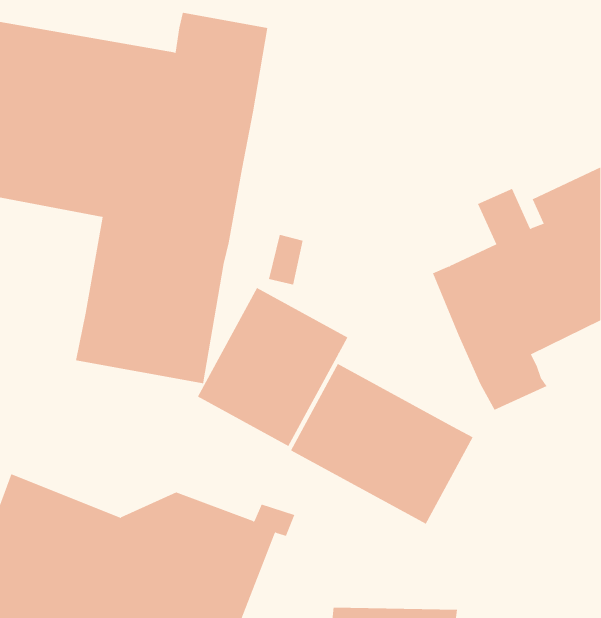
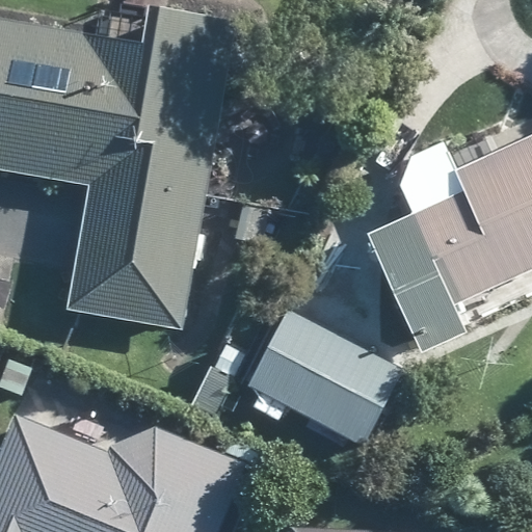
building: [197,287,348,447] -> none

